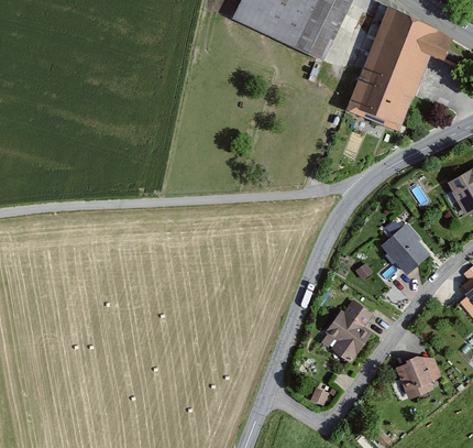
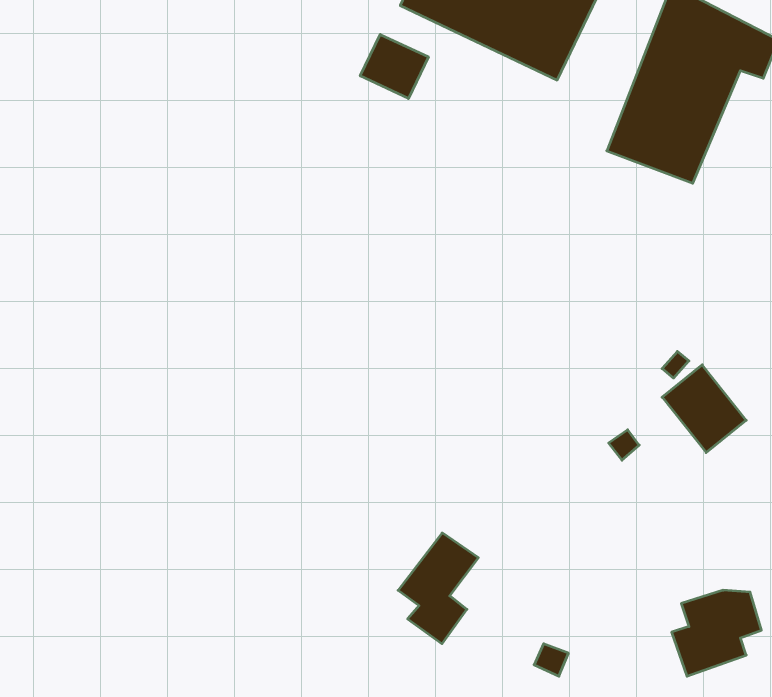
building: none -> [360,34,428,99]
building: [327,297,373,361] -> [398,533,478,644]

